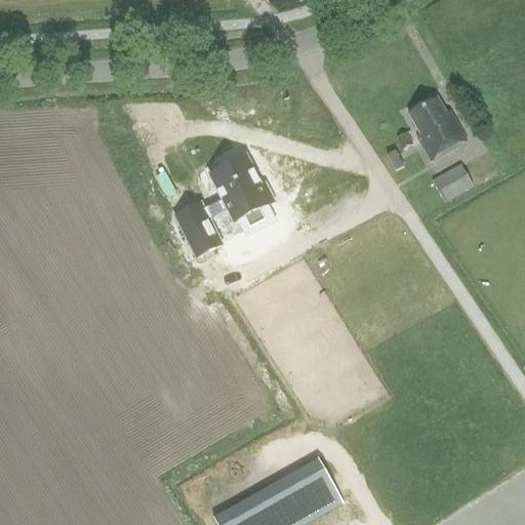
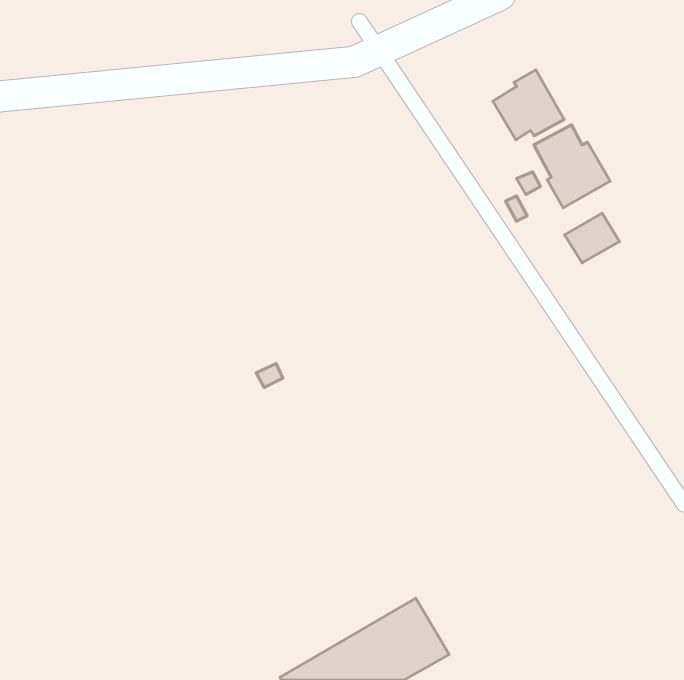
building: none -> [493,70,564,140]
building: [174,151,274,255] -> none

